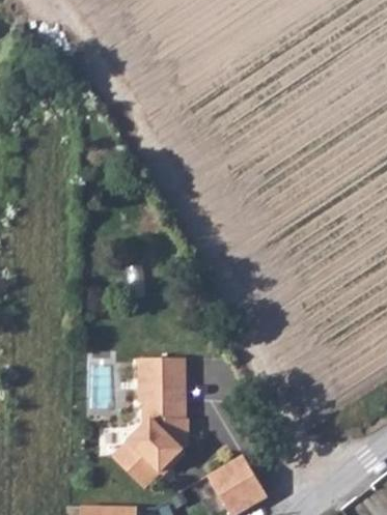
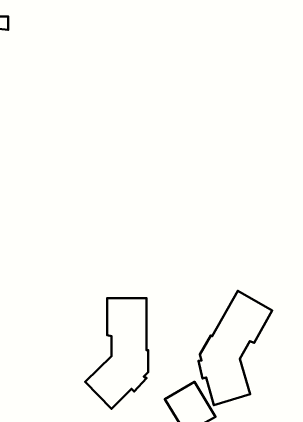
building: none -> [198,291,272,405]

